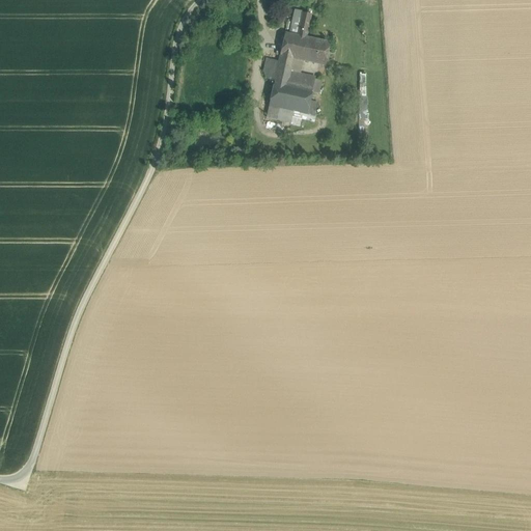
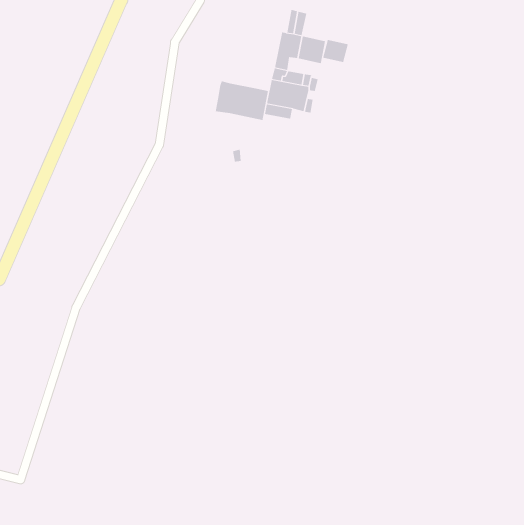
building: none -> [323,39,348,63]
building: none -> [215,80,269,121]

